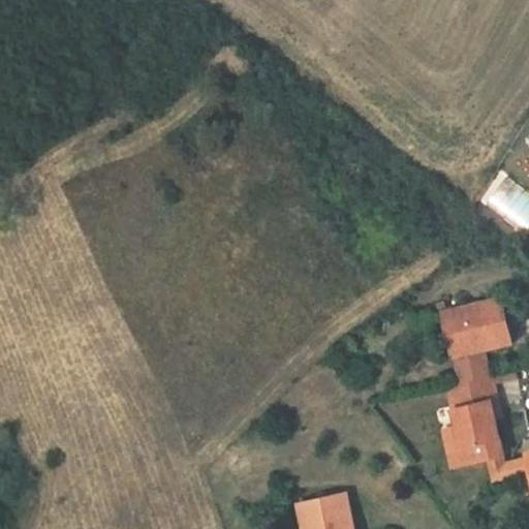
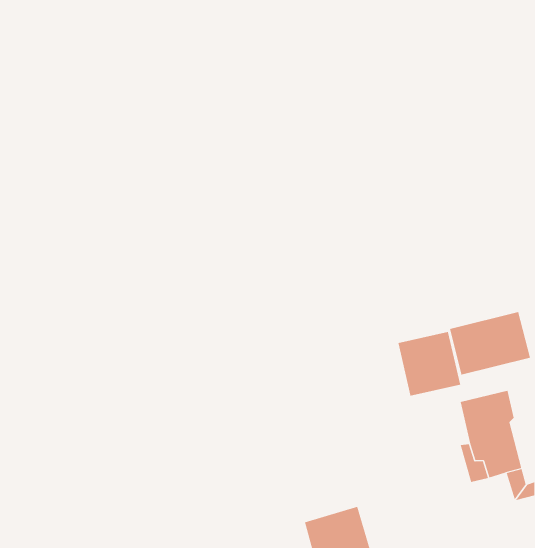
building: none -> [398,331,461,396]

